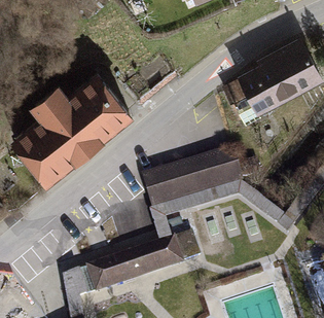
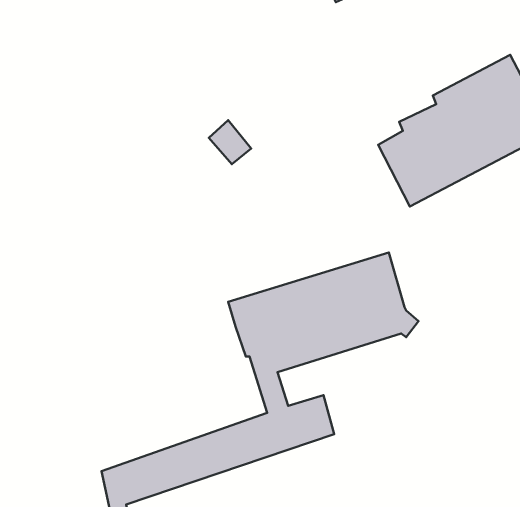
building: [11,70,133,179] -> none

